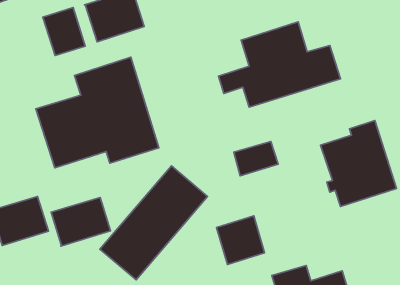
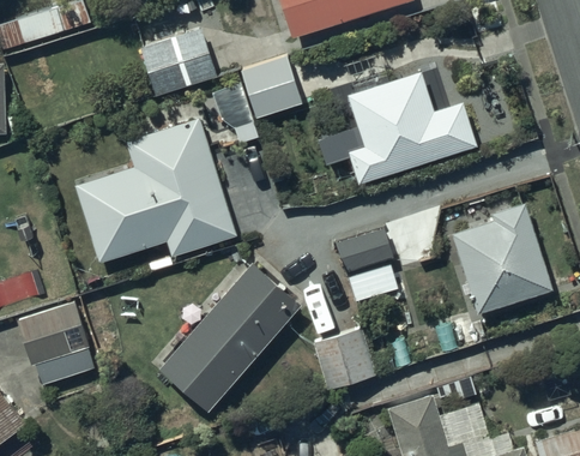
building: [43,7,85,55] -> none
building: none -> [241,55,304,120]
building: [51,197,111,246] -> none

